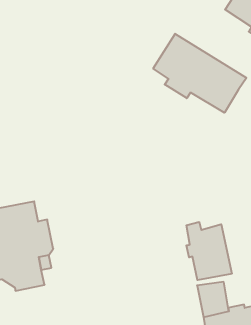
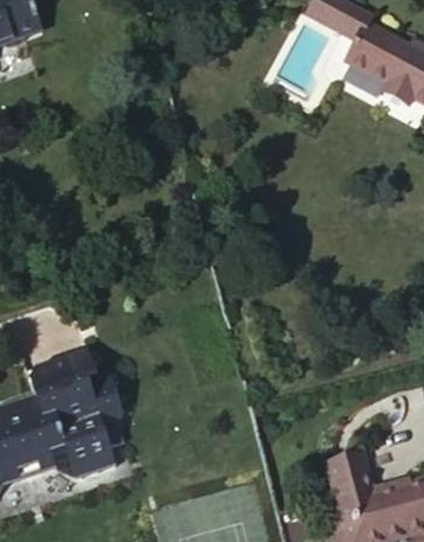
building: [153,34,246,113] -> none
building: [186,222,232,280] -> none

